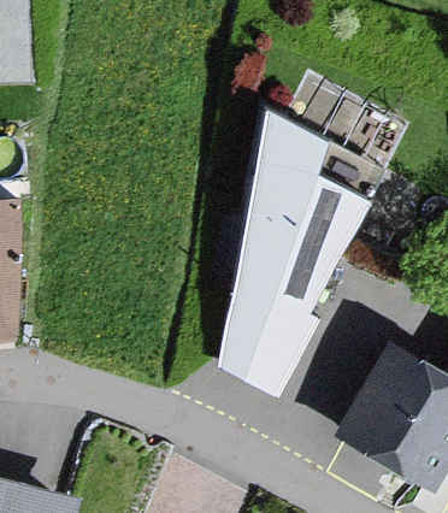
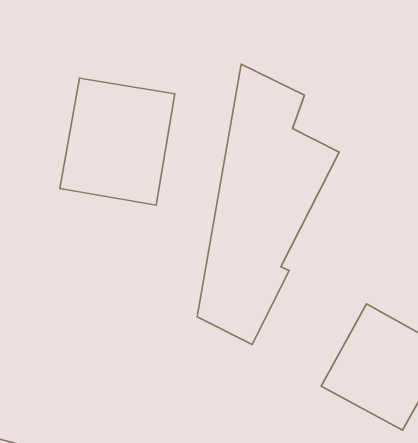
building: none -> [60,78,175,205]

